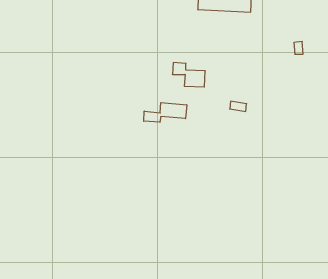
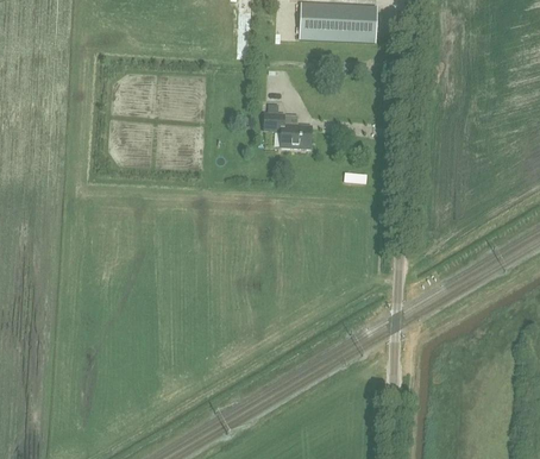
building: [144,103,187,122] -> none

